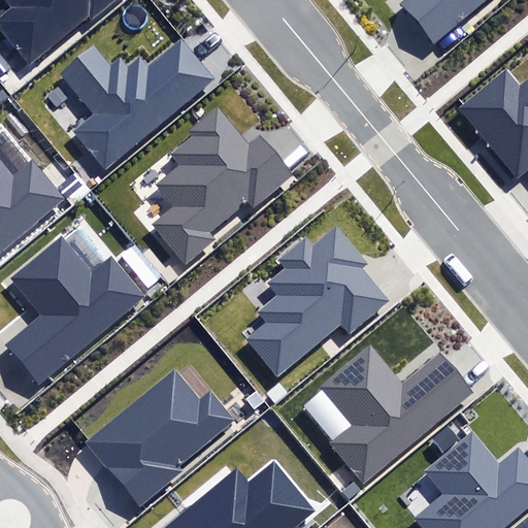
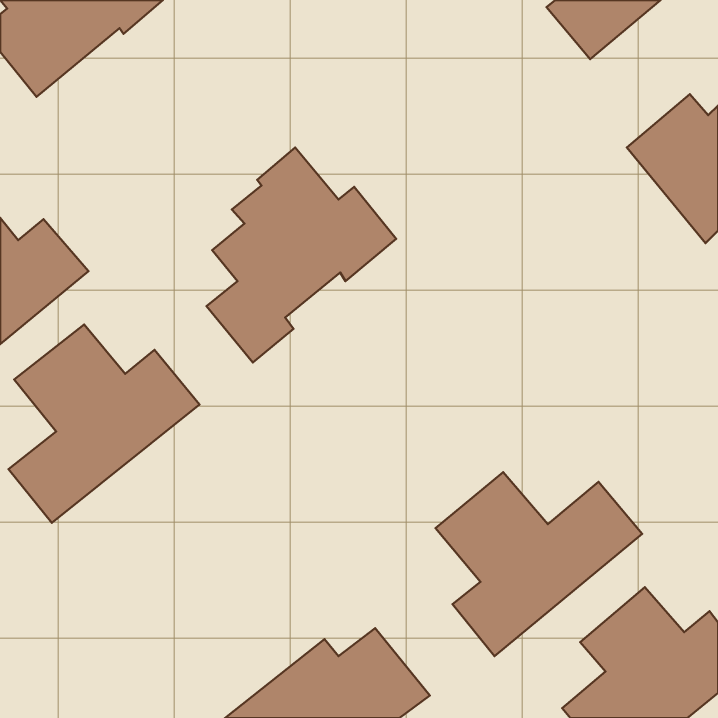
building: [61,37,217,170] -> none
building: [243,227,389,375] -> none
building: [87,370,235,506] -> none

